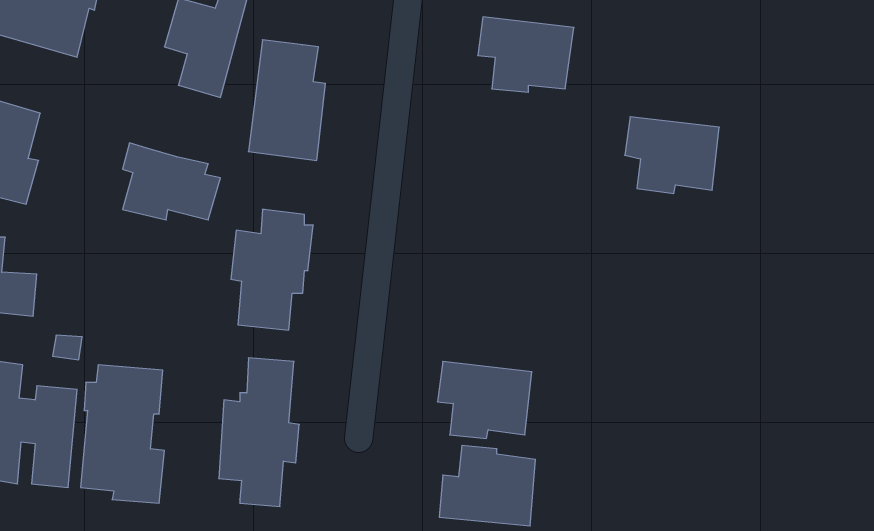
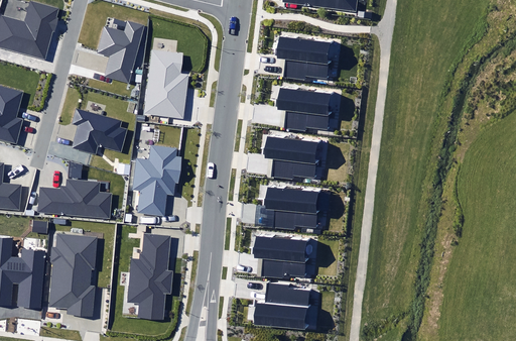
building: [625,117,719,194] -> [276,87,331,131]
building: none -> [264,135,318,179]
building: none -> [36,179,111,217]
building: none -> [265,185,319,229]

